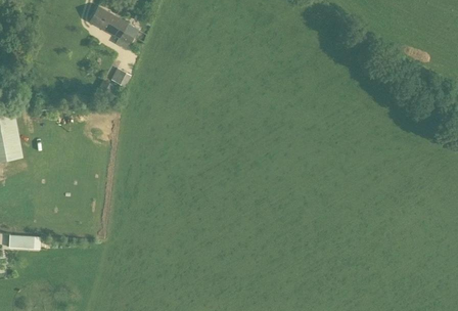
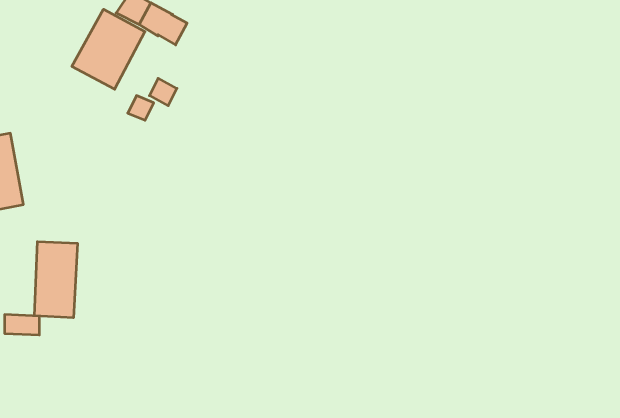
building: none -> [72,9,145,89]
building: none -> [35,242,77,318]

